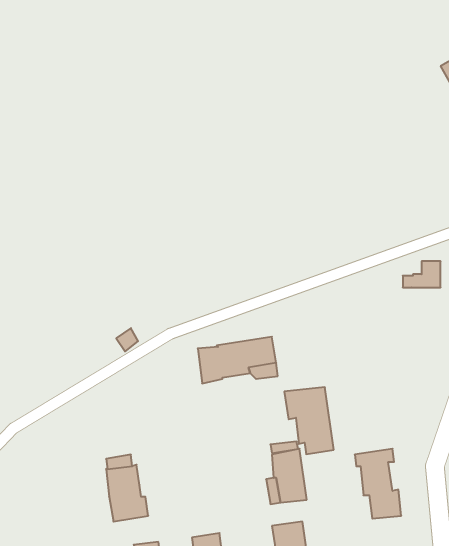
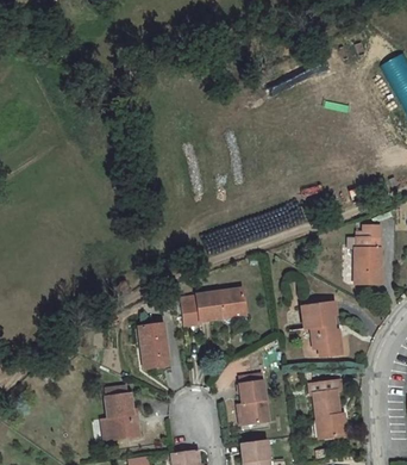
building: none -> [355,248,380,285]
building: none -> [140,324,168,368]
building: [284,387,334,454] -> [301,303,342,358]

